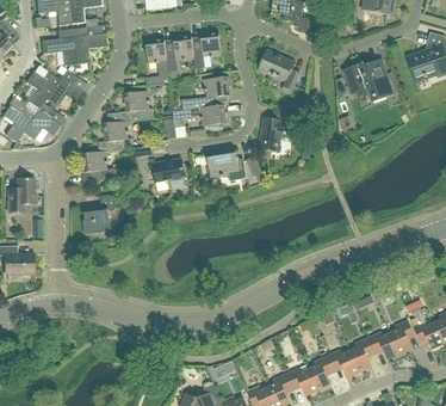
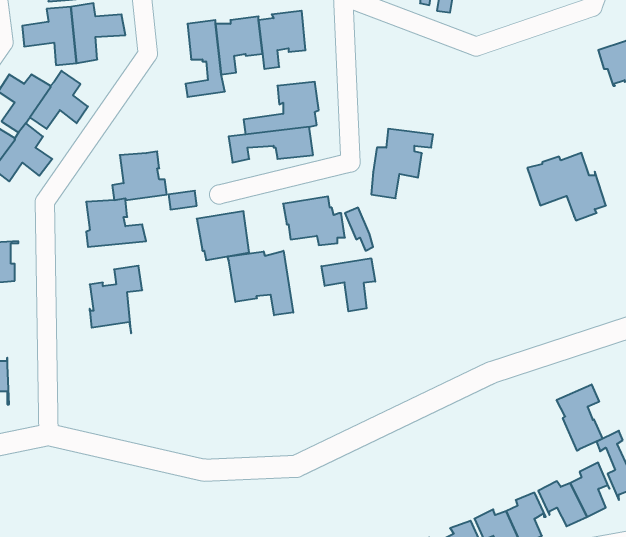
building: [258,49,299,92] -> none
building: [342,60,392,103] -> [527,153,606,220]
building: [118,91,154,122] -> none
building: none -> [228,251,293,315]
building: none -> [321,258,375,311]
building: none -> [557,384,603,451]

